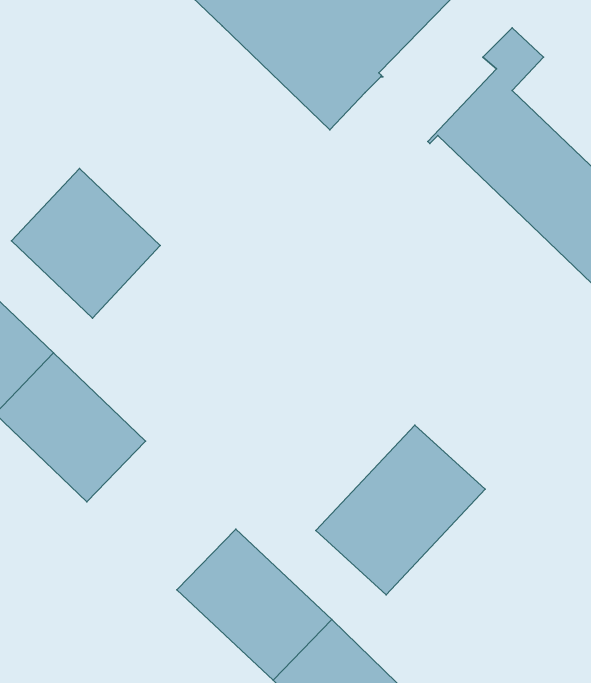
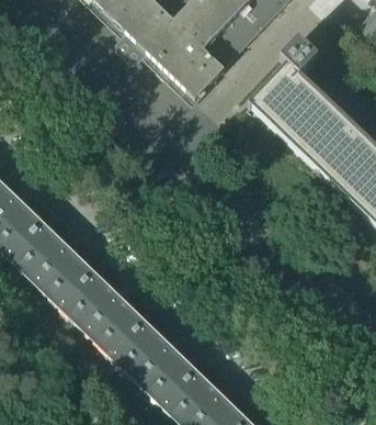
building: [12,168,160,318] -> none
building: [316,425,485,595] -> none
building: none -> [59,271,143,355]

